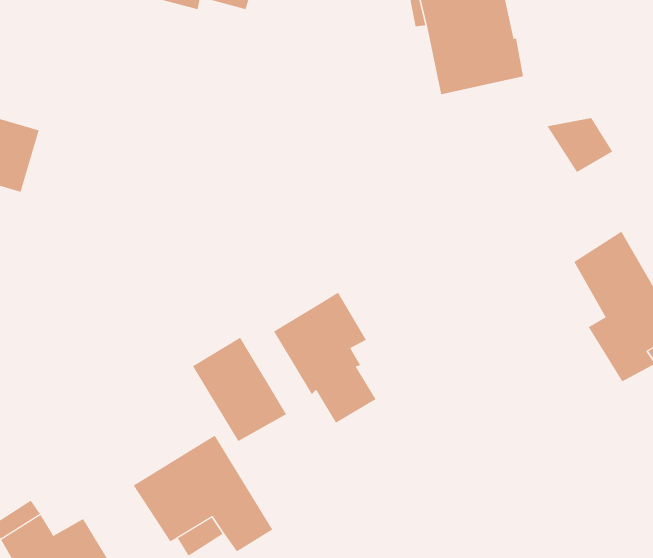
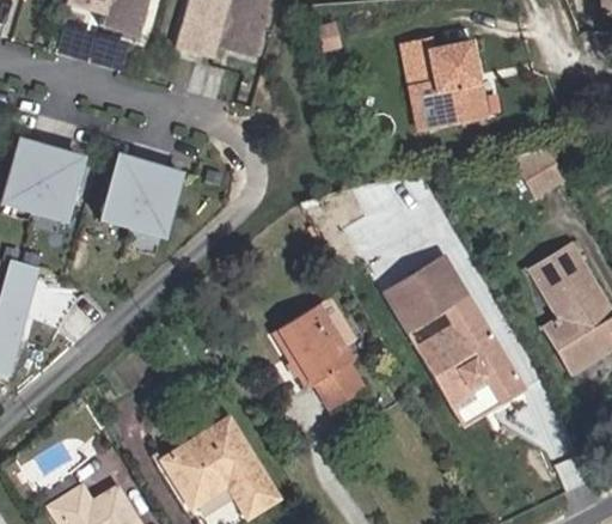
building: none -> [103,159,178,229]
building: none -> [385,254,533,409]
building: [192,337,287,442] -> none

